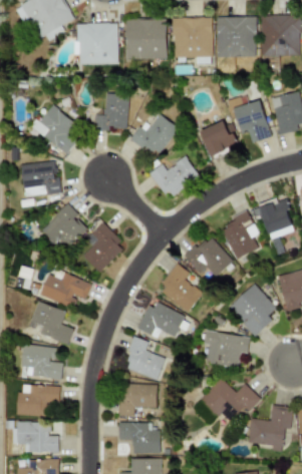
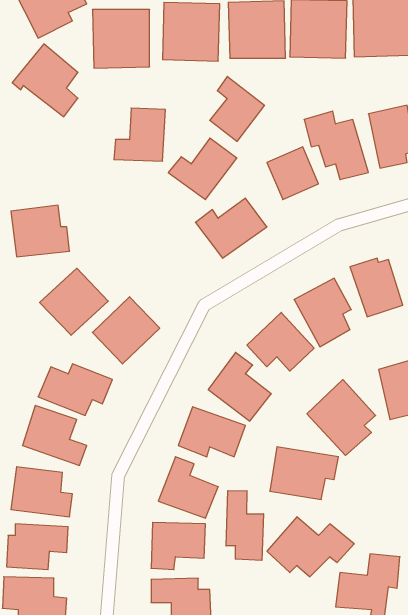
building: none -> [210,76,264,141]
building: [29,103,75,154] -> [12,44,78,117]
building: none -> [226,491,263,560]

